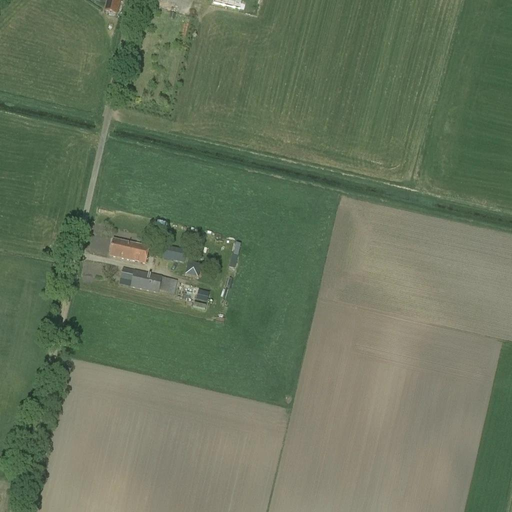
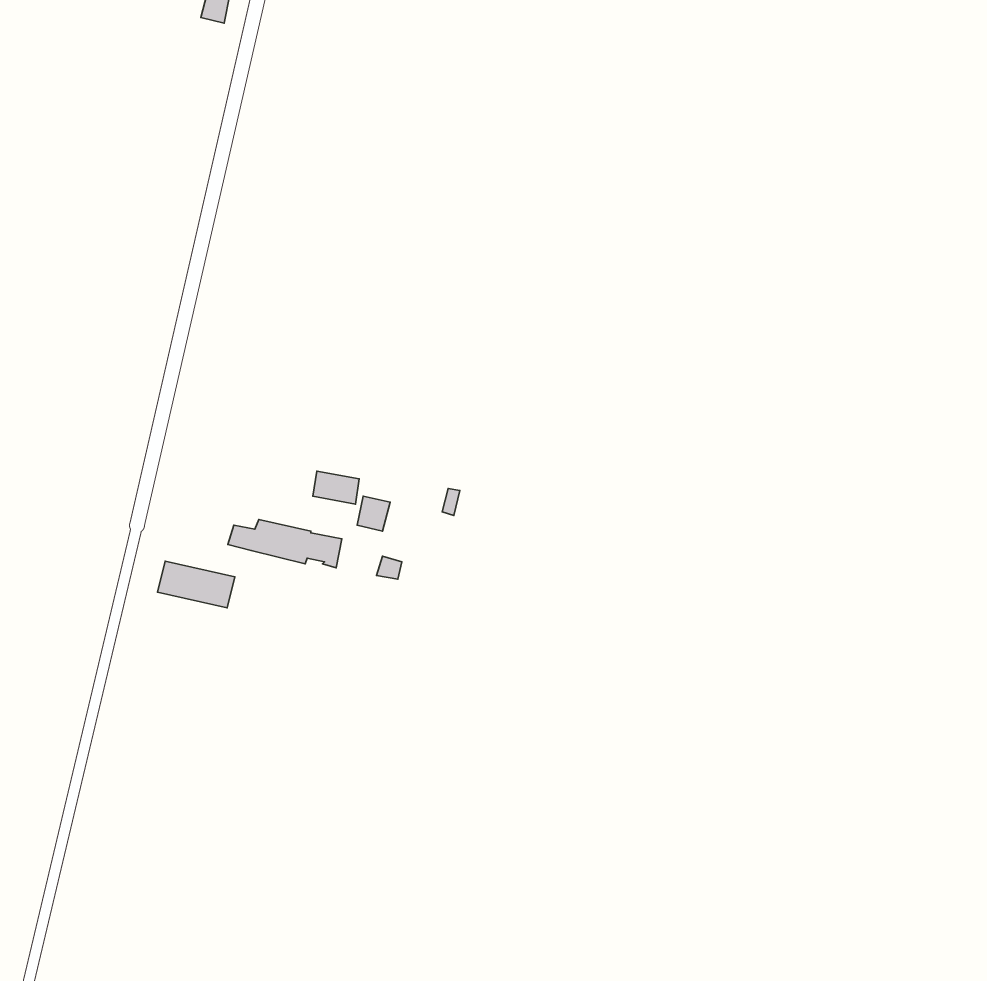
building: [109,238,149,262] -> [158,561,235,608]

